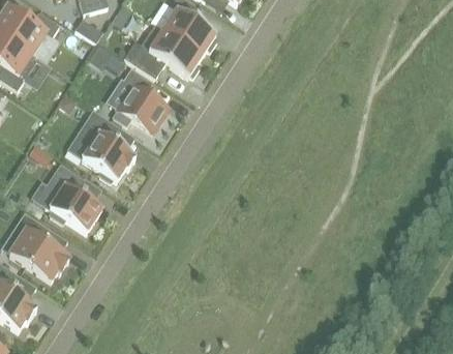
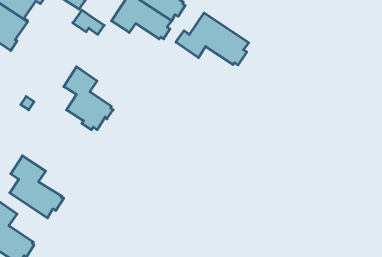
building: none -> [176,13,249,65]
building: [116,66,167,129] -> none
building: [49,161,103,228] -> none

